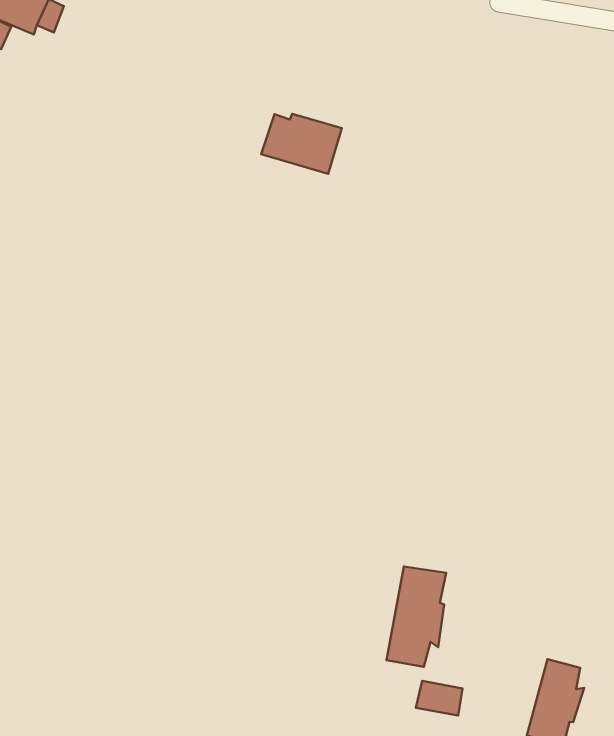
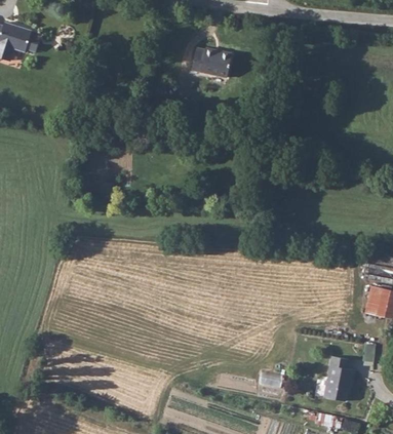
building: [261,114,342,174] -> [191,47,232,77]
building: [387,567,446,667] -> none

